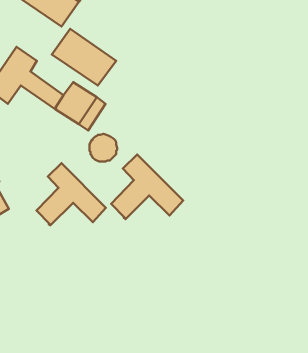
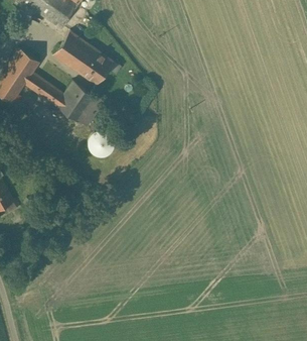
building: [111,155,183,219] -> none
building: [37,163,106,225] -> none

